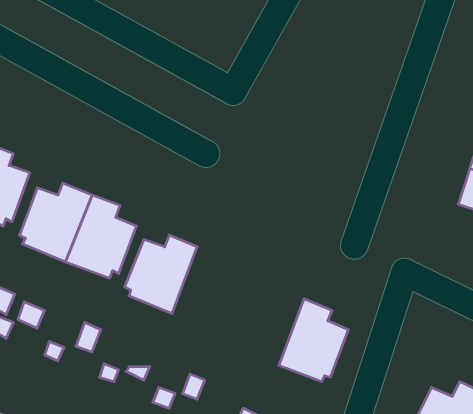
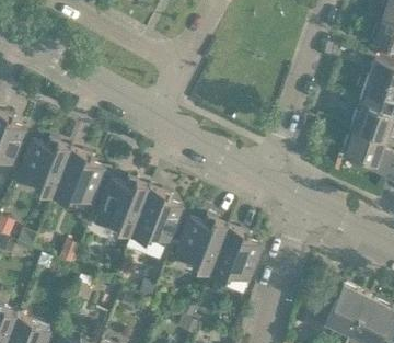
building: none -> [131,185,184,247]
building: none -> [175,216,229,273]

